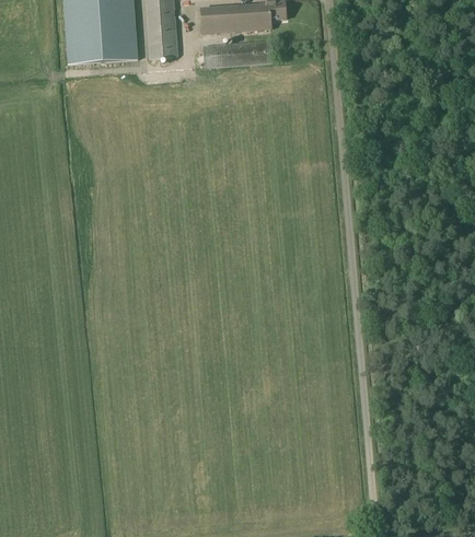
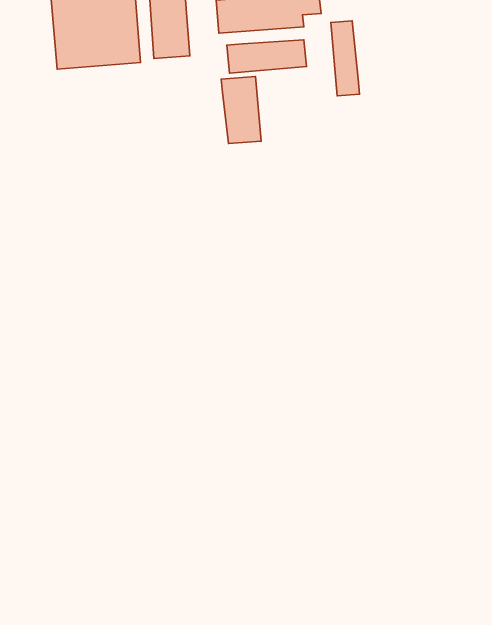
building: none -> [331,21,359,96]
building: none -> [221,76,261,144]

